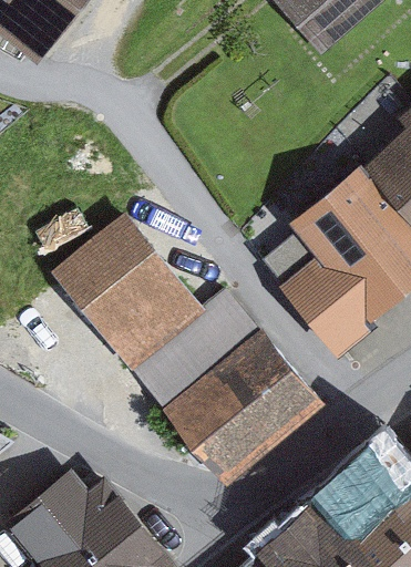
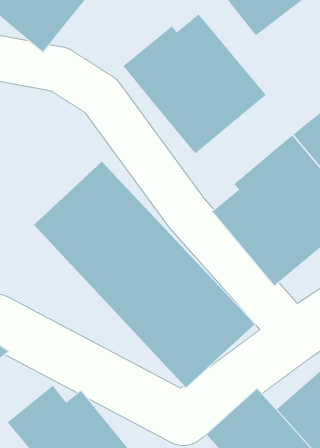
building: none -> [123,13,266,154]

